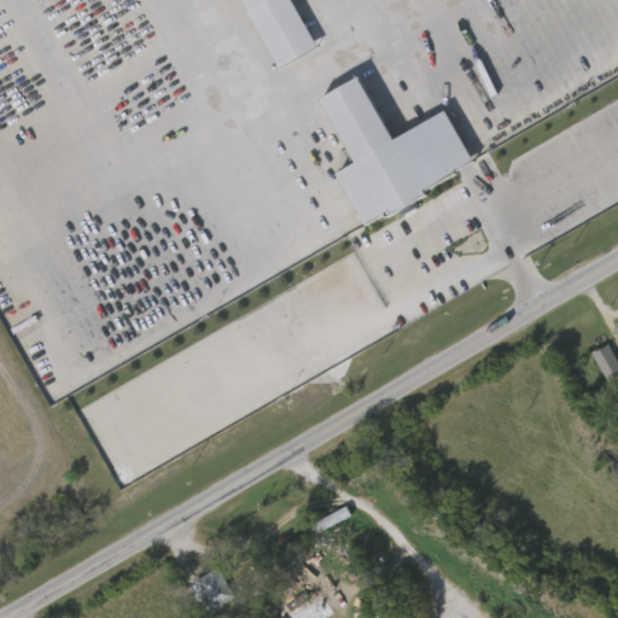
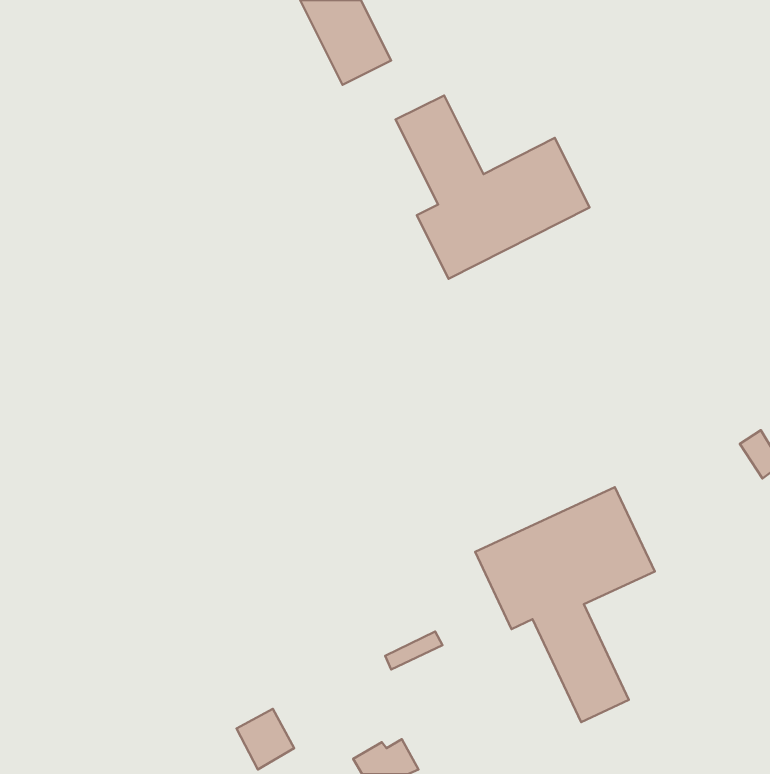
building: none -> [475,487,655,722]

